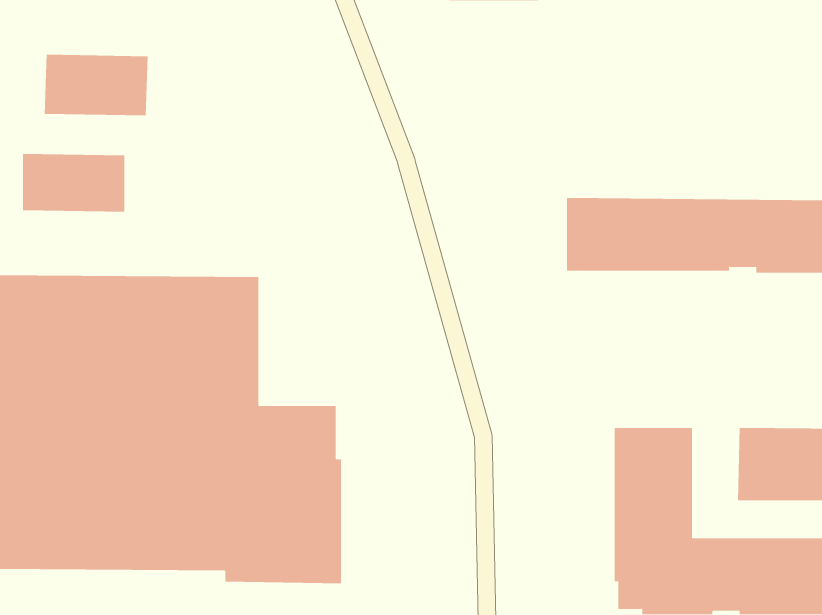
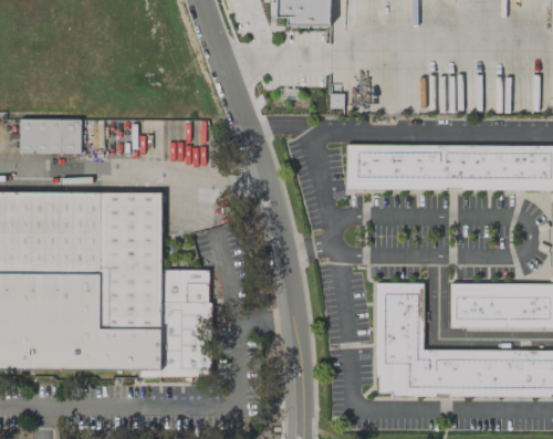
building: [44,54,148,116] -> none

